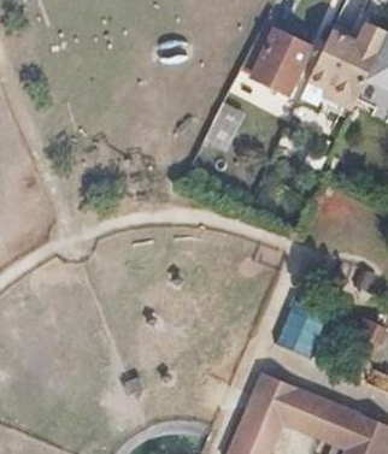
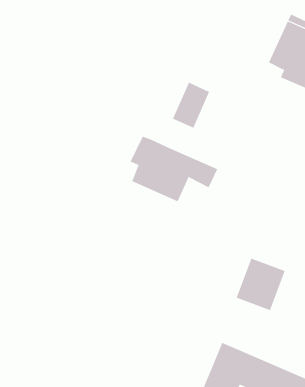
building: [239,22,311,90] -> none
building: none -> [130,136,218,202]

